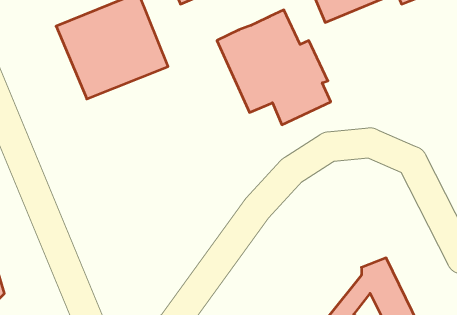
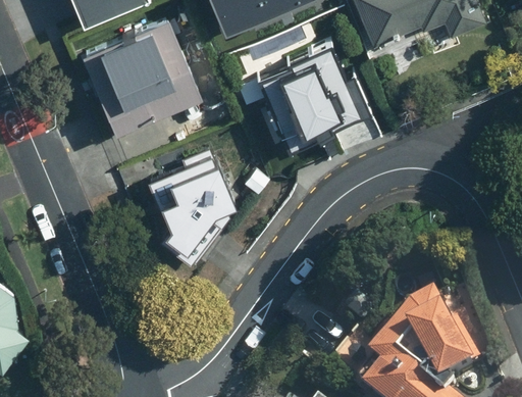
building: none -> [145,145,231,256]

